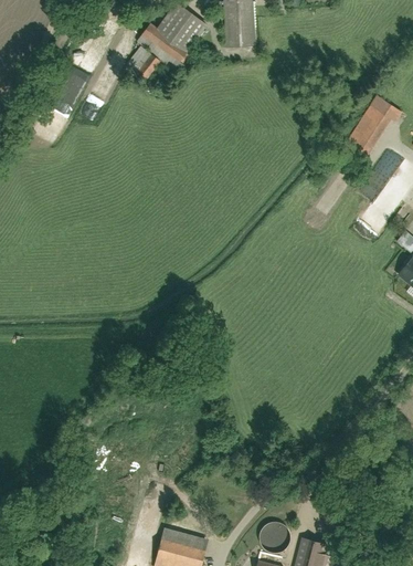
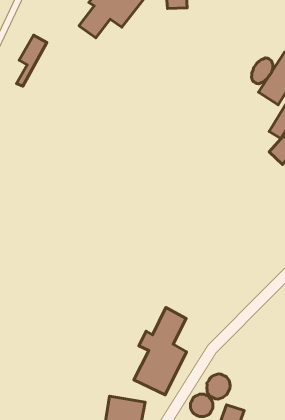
building: none -> [251,58,273,84]
building: none -> [134,308,187,395]
building: none -> [207,374,230,399]

